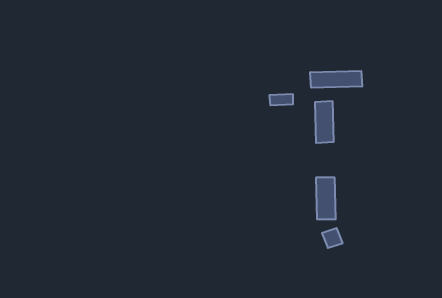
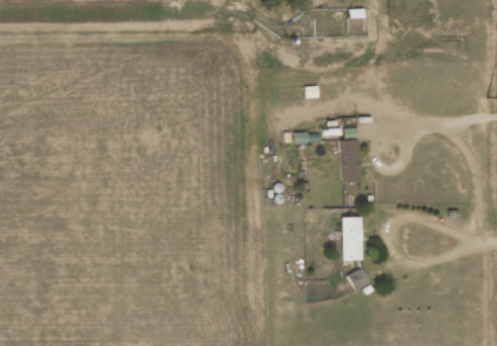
building: [310,71,362,88] -> none

